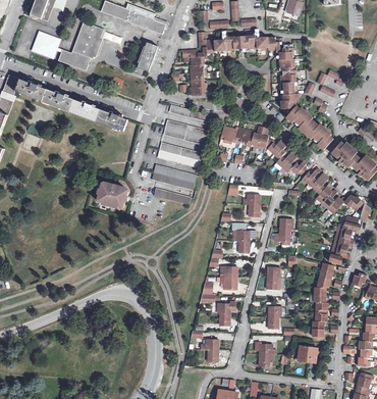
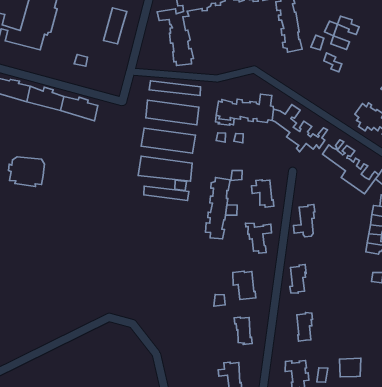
building: [281,92,333,146] -> none
building: [95,182,124,207] -> [9,157,44,186]
building: none -> [205,178,230,239]
building: [313,263,335,337] -> none

